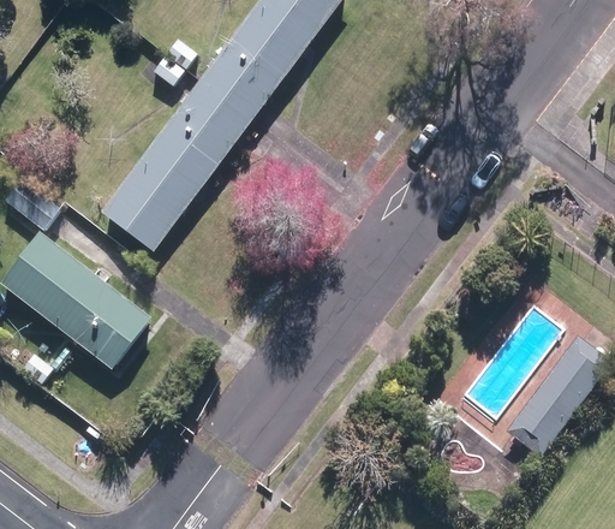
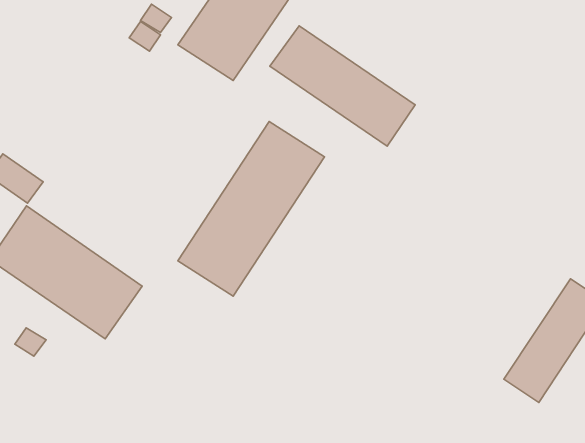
building: none -> [270,26,415,146]
building: [101,79,252,251] -> [178,121,324,296]

